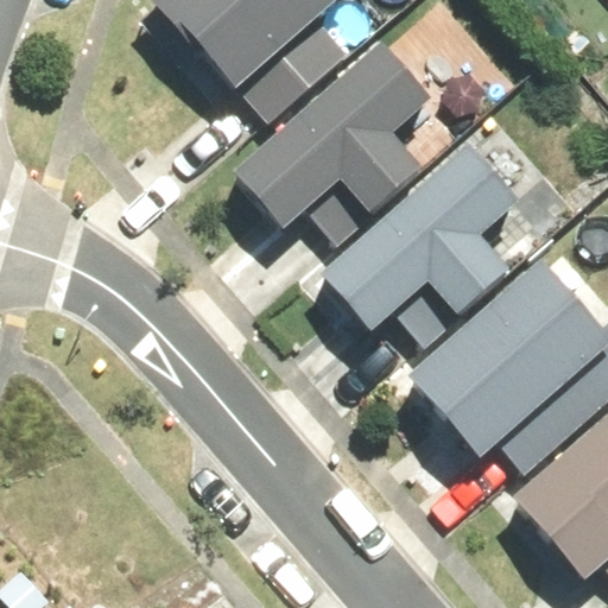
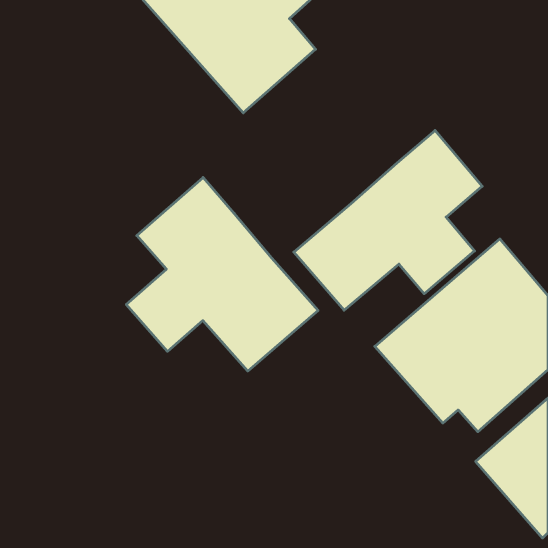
building: [229,37,435,234] -> none
building: none -> [126,177,318,371]

